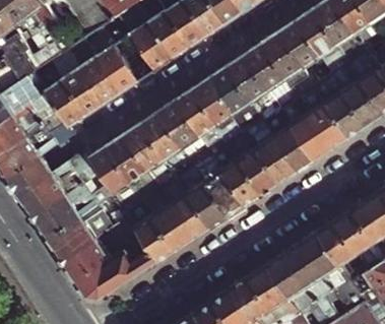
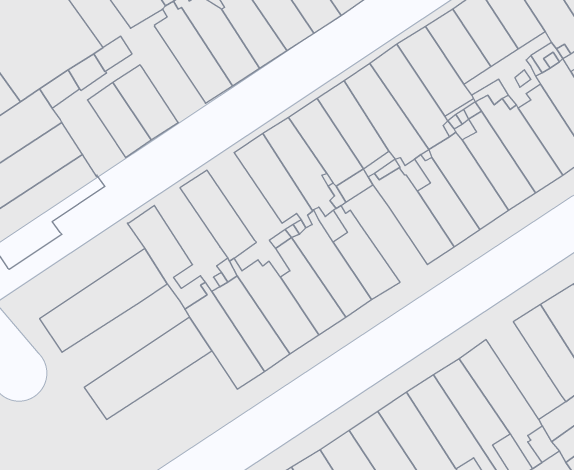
building: [92,31,139,92] -> none
building: [47,78,88,127] -> none
building: [140,112,188,168] -> none
building: [107,134,148,183] -> none
building: [238,146,280,194] -> none
building: [14,149,101,217] -> none
building: [48,206,129,261] -> none
building: [318,219,369,281] -> none
building: [76,238,159,301] -> none

